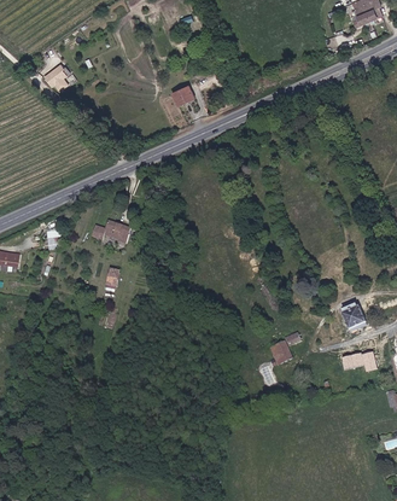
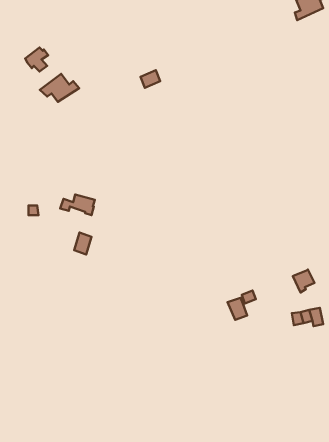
building: none -> [40,74,79,102]

